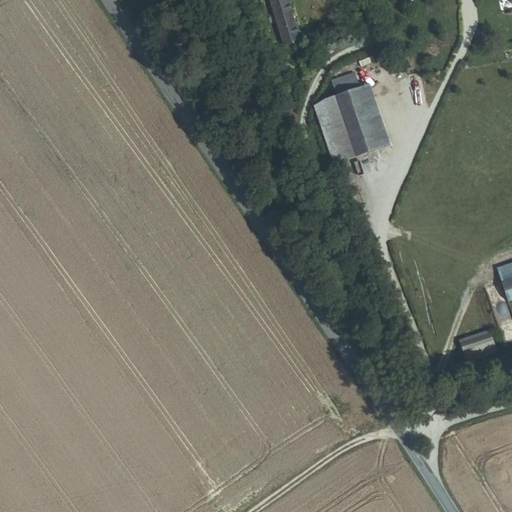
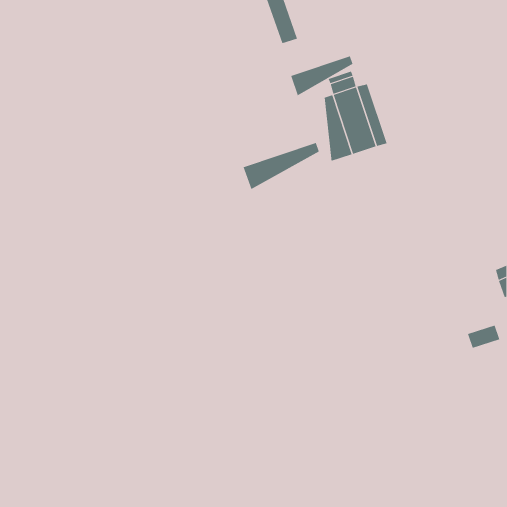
building: none -> [290,56,353,96]
building: none -> [243,142,319,190]

